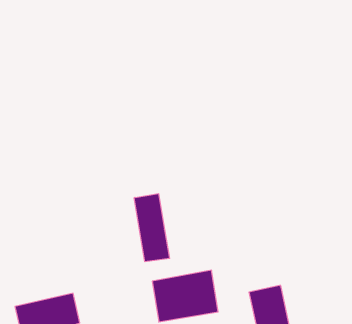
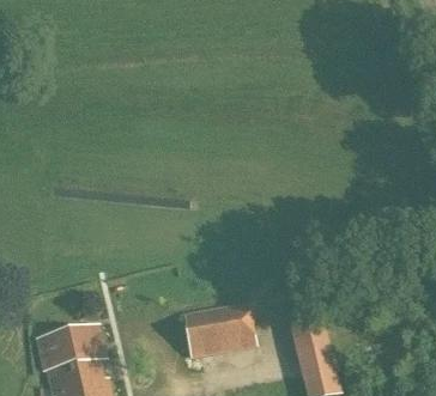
building: [134,194,170,262] -> none

